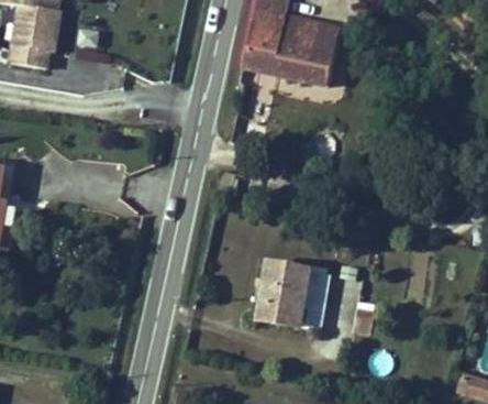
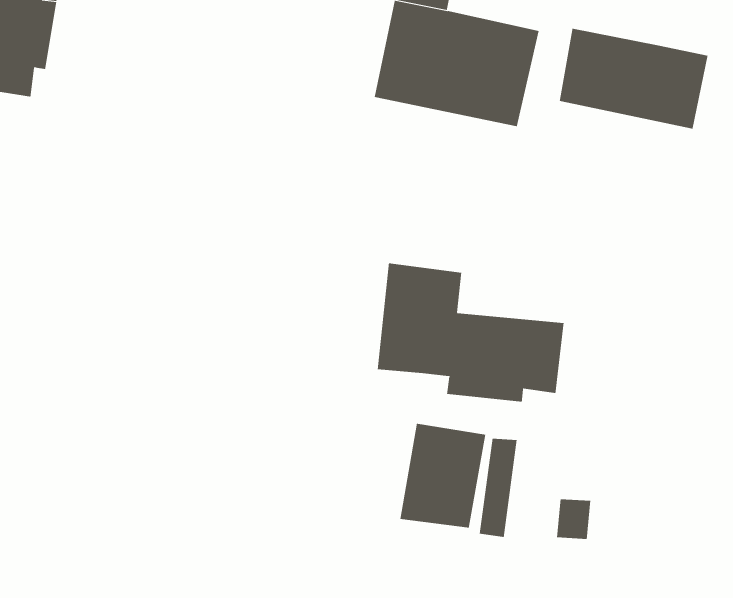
building: none -> [559,28,708,130]
building: none -> [377,263,564,403]

